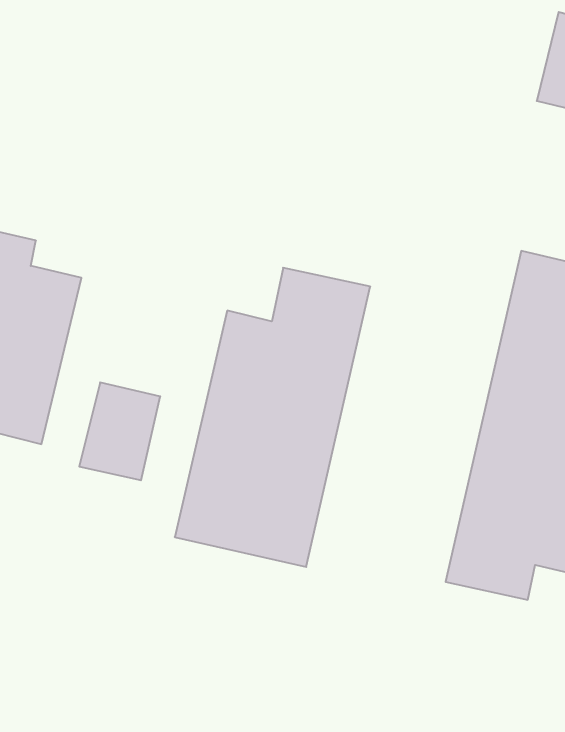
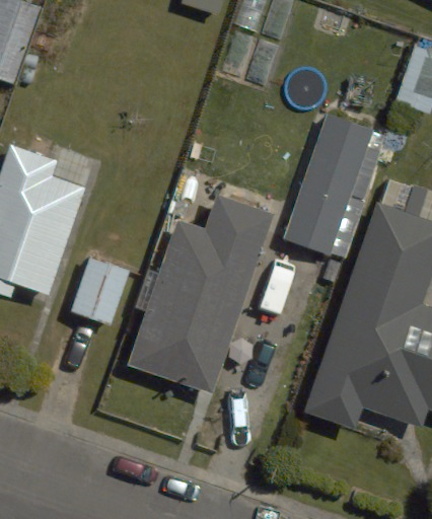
building: none -> [284,113,372,253]

